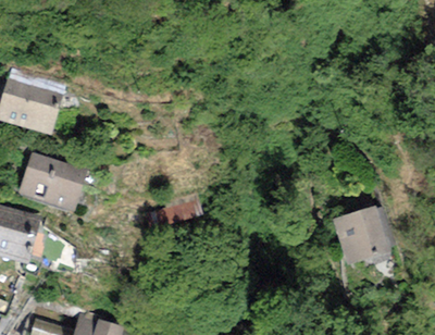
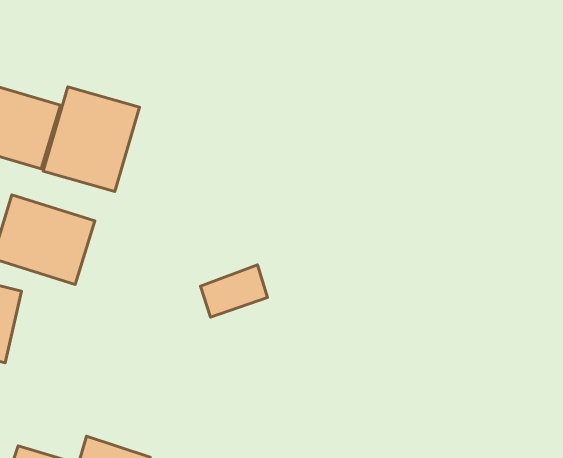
building: none -> [43,87,139,191]
building: [334,204,390,264] -> none

